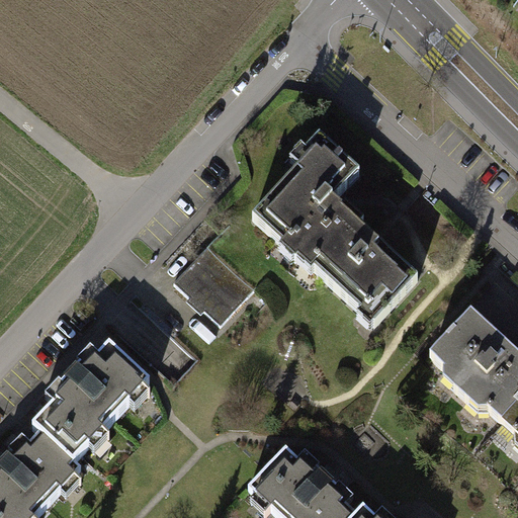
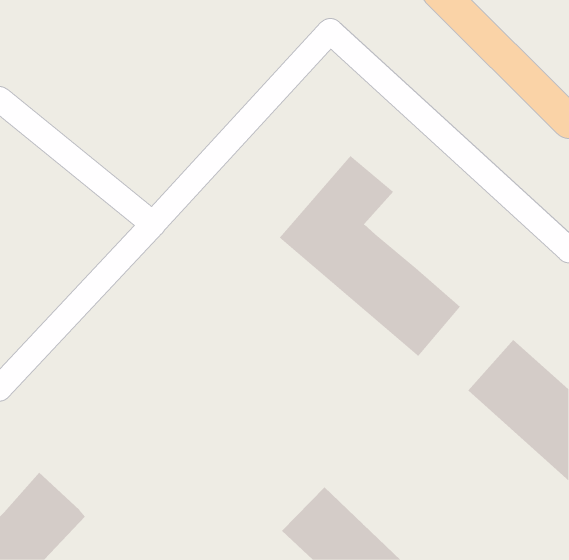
building: [173,241,255,321] -> none
building: [27,337,150,462] -> none

